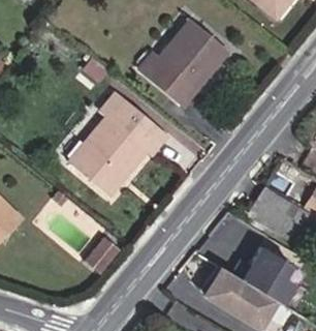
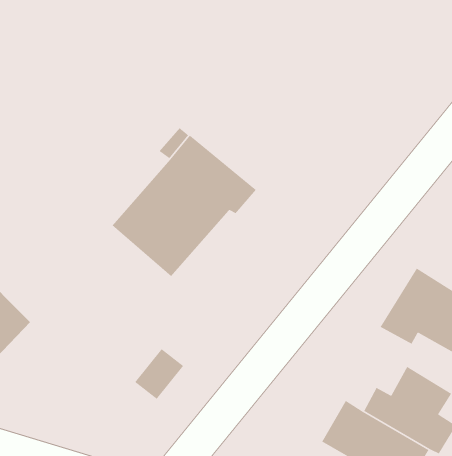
building: [139,20,229,106] -> none

